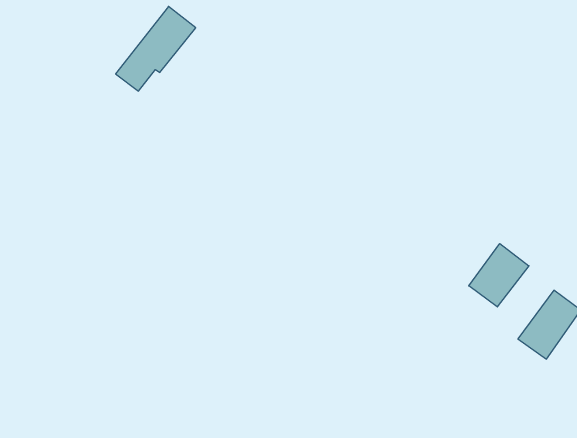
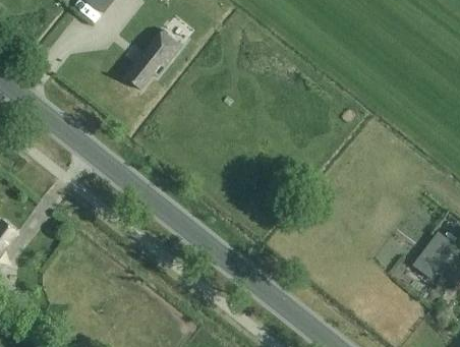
building: [469,244,529,307] -> none

